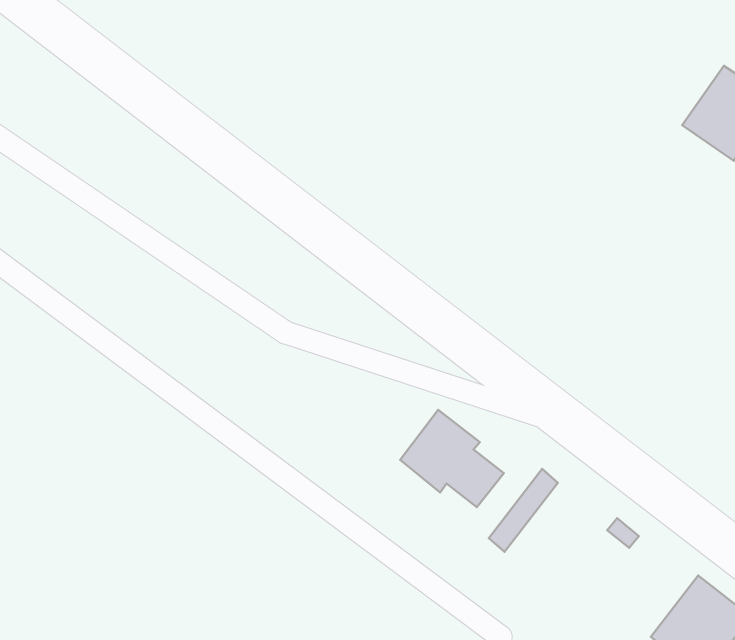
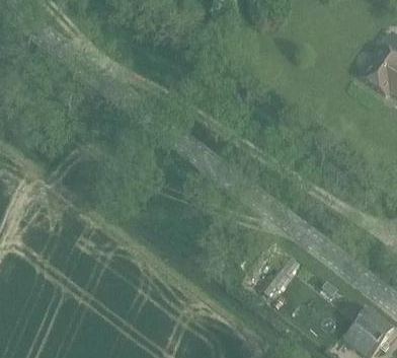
building: [400,410,504,507] -> none

